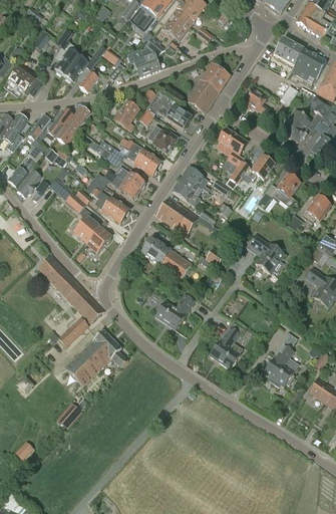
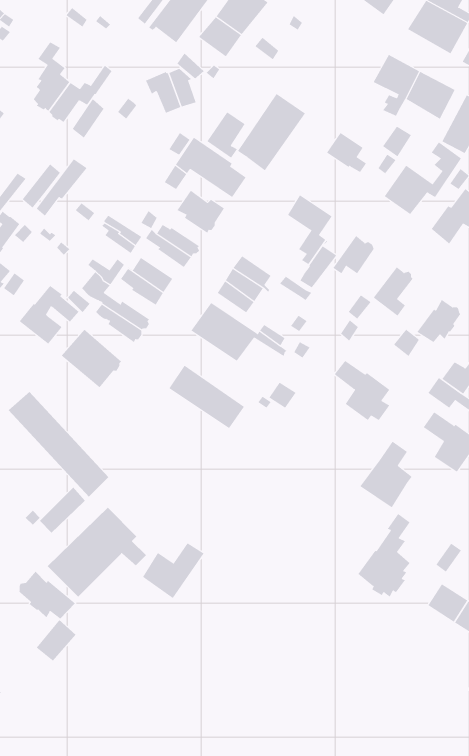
building: [113,99,138,130] -> [207,112,246,158]
building: [154,293,195,329] -> [142,543,204,599]
building: [209,325,243,368] -> [360,441,413,508]
building: none -> [17,571,76,619]

